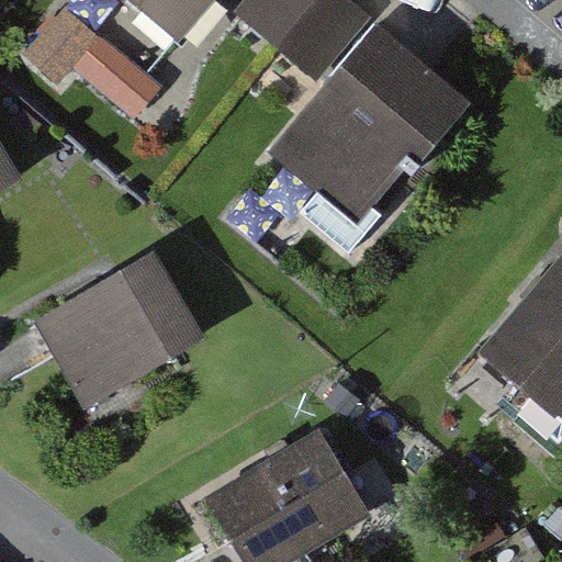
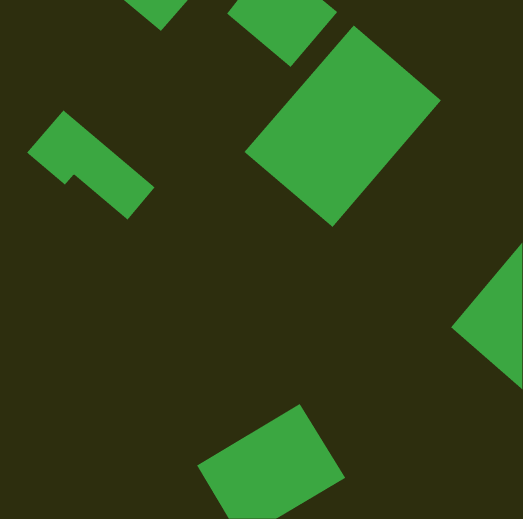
building: [26,4,165,123] -> [26,110,155,220]
building: [31,255,195,404] -> none

